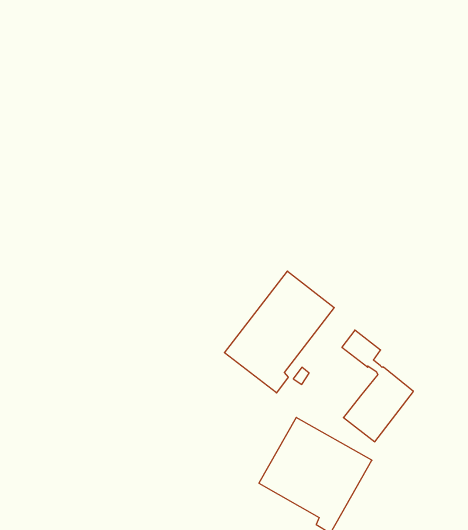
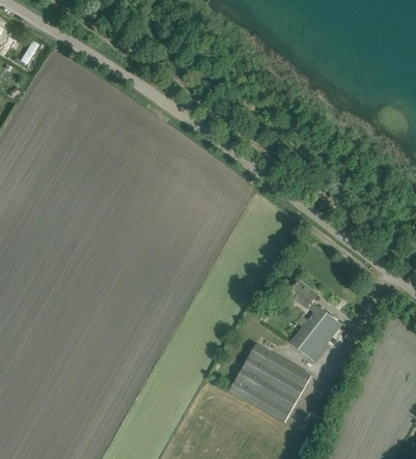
building: [224,271,334,393] -> none

